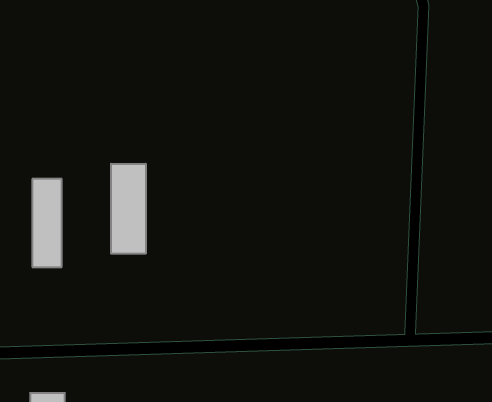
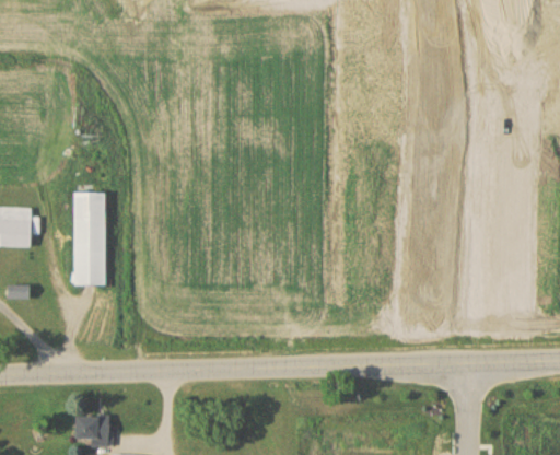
building: [111,164,146,254] -> none

